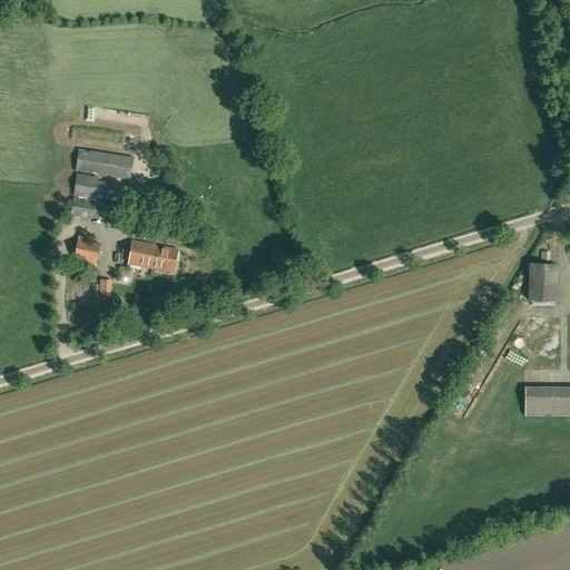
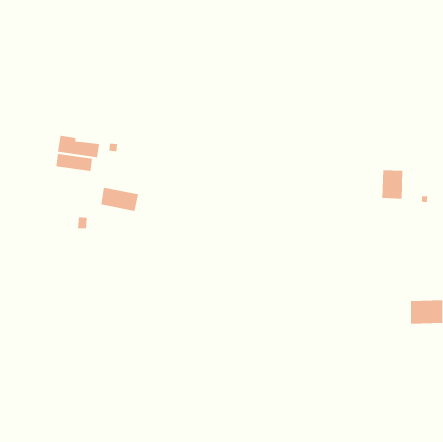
building: [76,149,132,179] -> none
building: [75,235,99,263] -> none
building: [529,263,557,301] -> [382,170,403,199]

